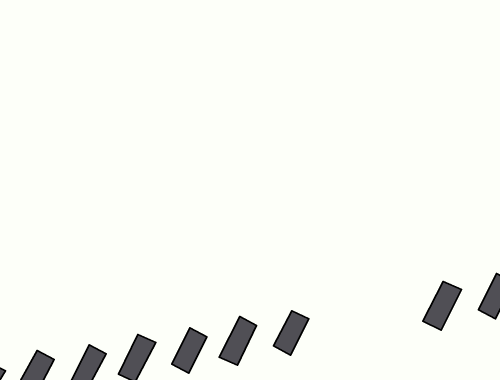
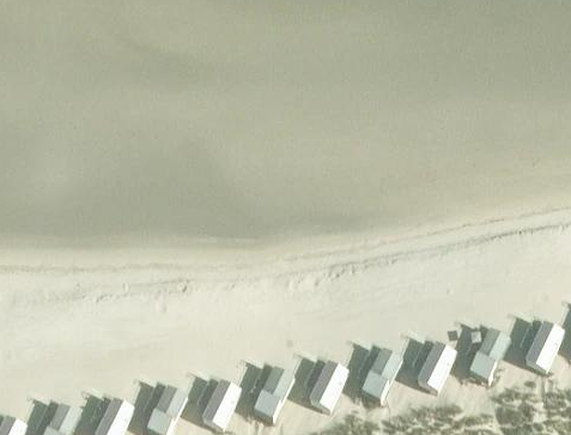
building: none -> [415,342,452,388]
building: none -> [358,349,397,400]

